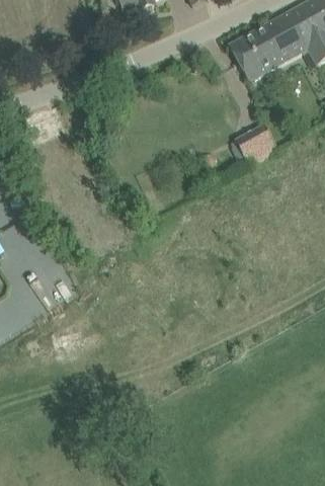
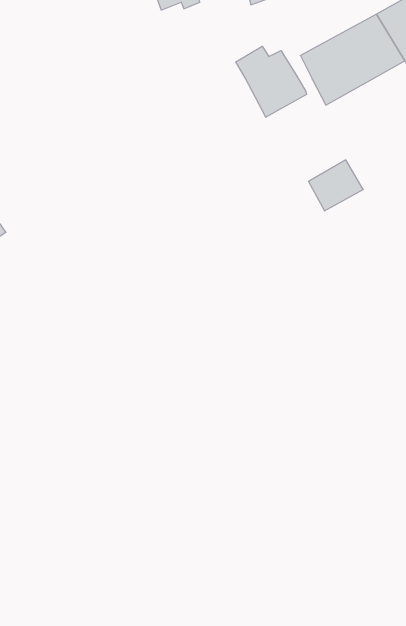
building: none -> [236,46,307,117]

